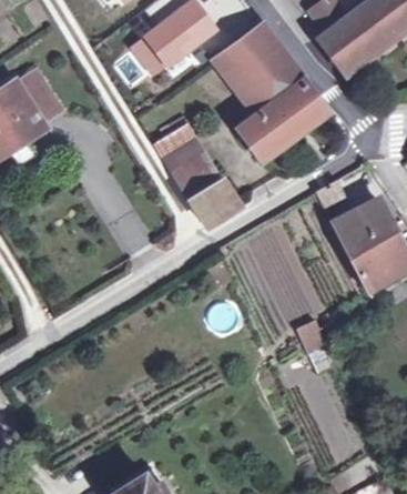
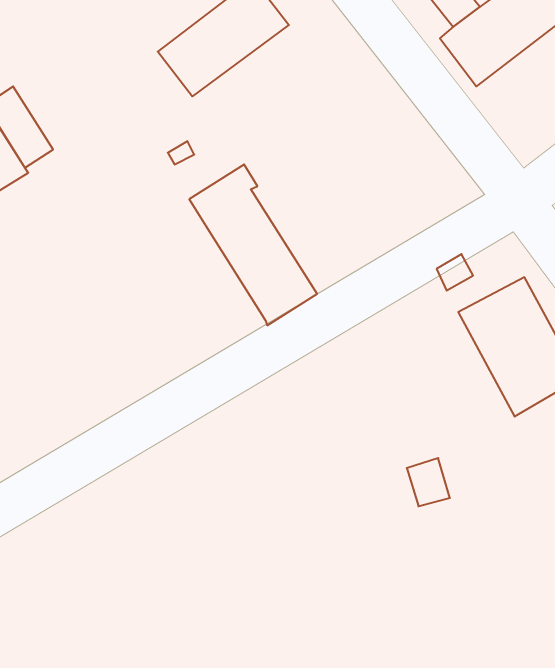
building: [213,24,329,161] -> none

